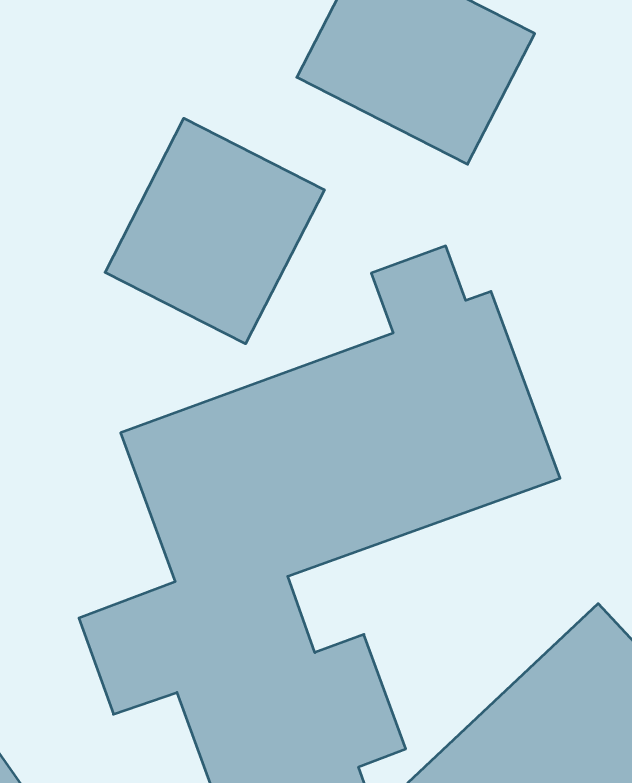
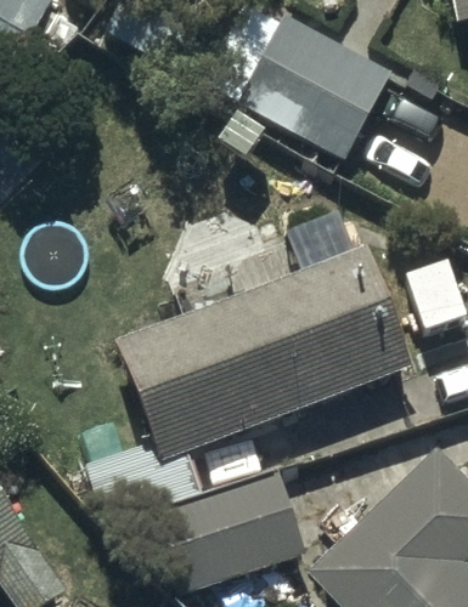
building: [105,118,324,344] -> none

